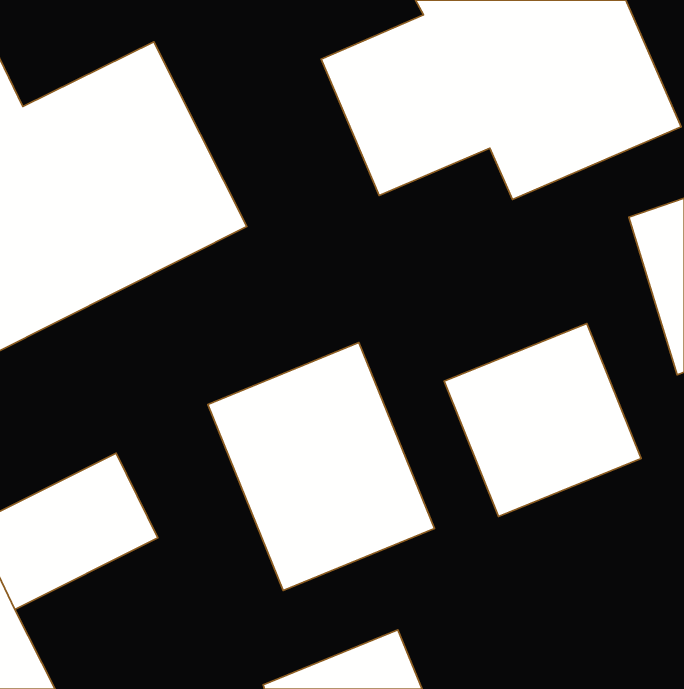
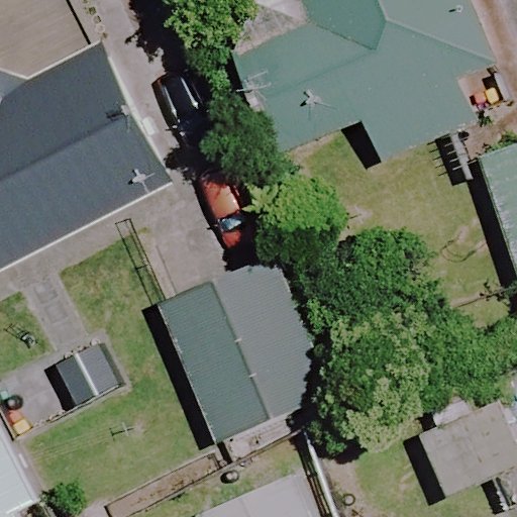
building: [444,323,641,516] -> none

